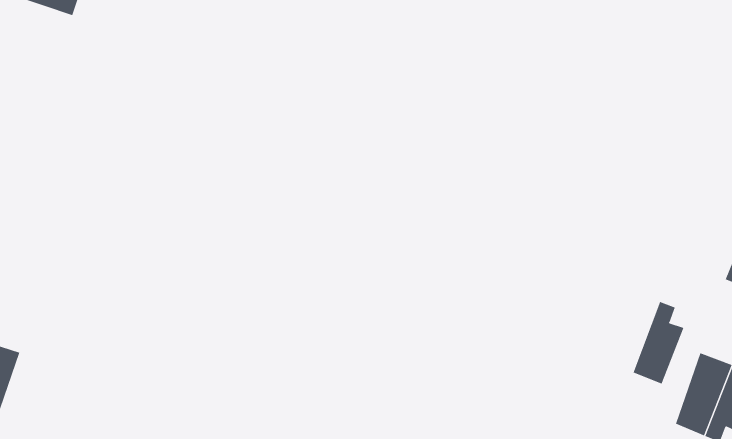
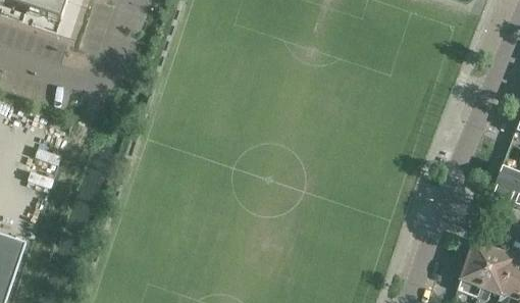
building: [633,301,684,385] -> none

